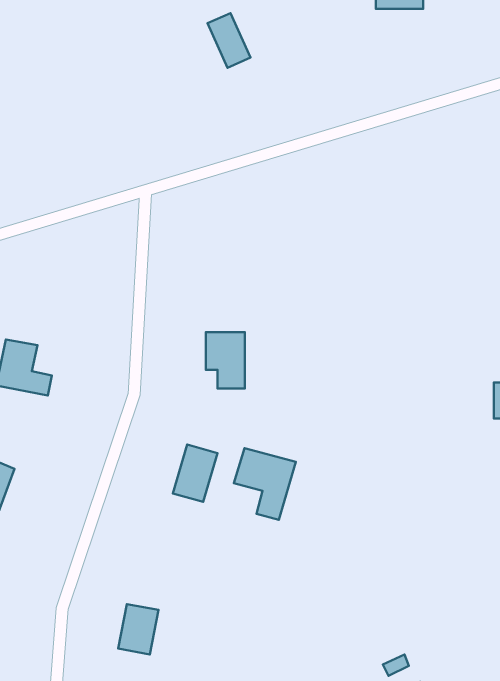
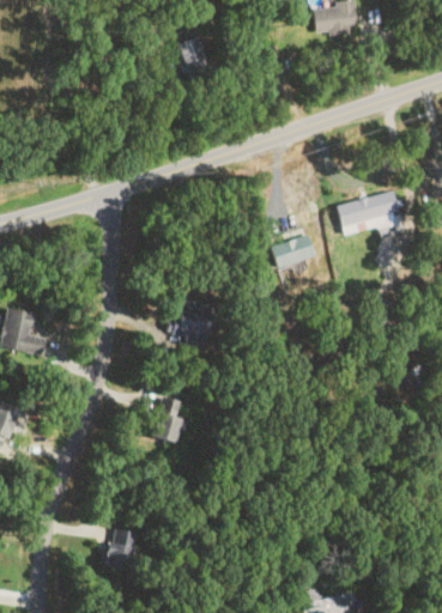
building: none -> [338,192,399,226]
building: none -> [272,235,316,269]
building: [234,448,296,520] -> none

